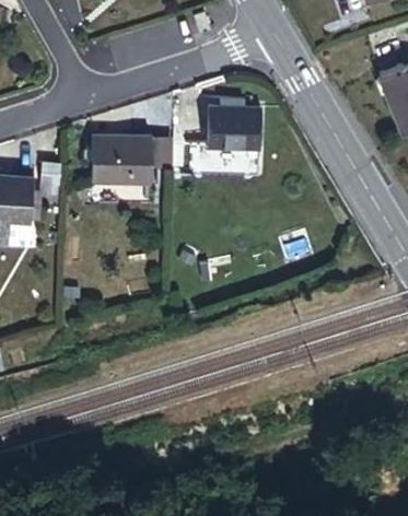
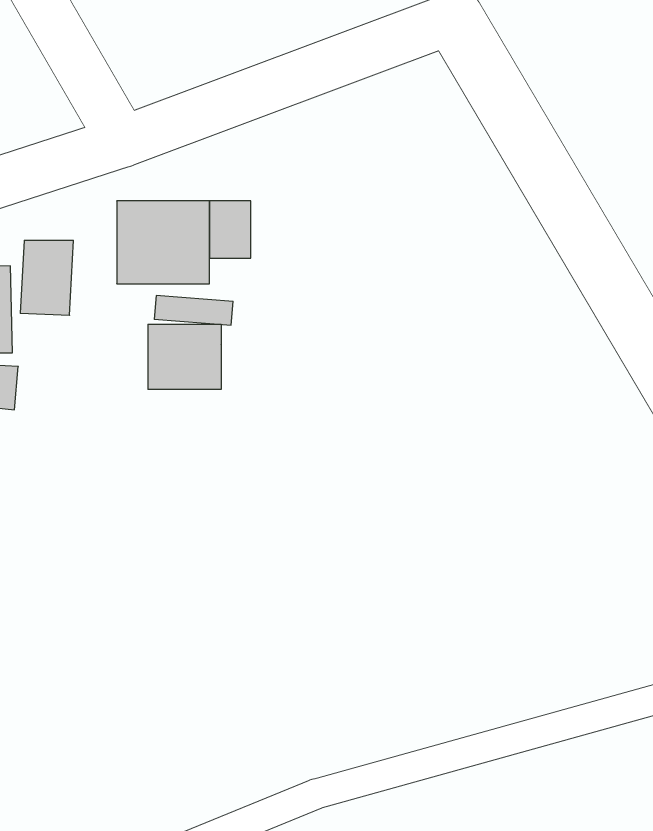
building: [203,106,258,151] -> none
building: none -> [148,324,221,389]

